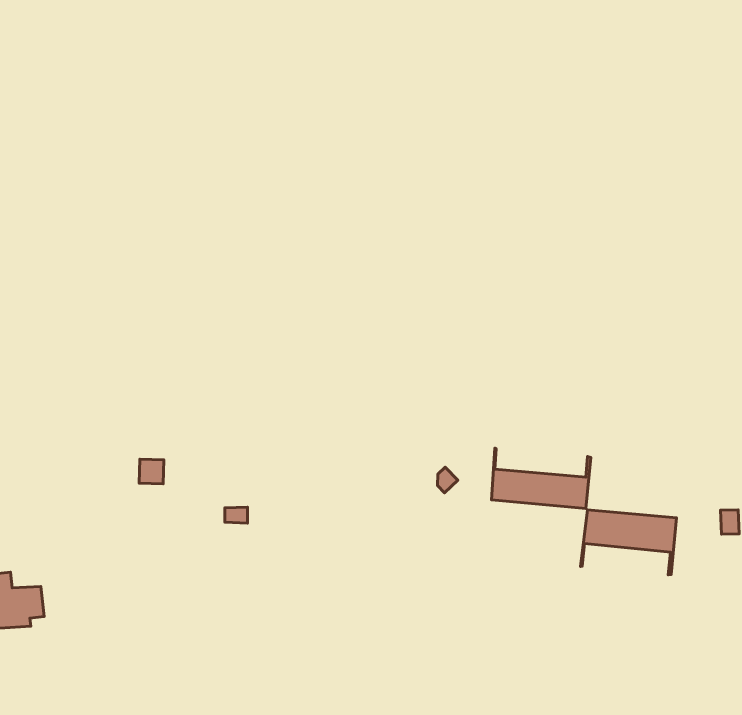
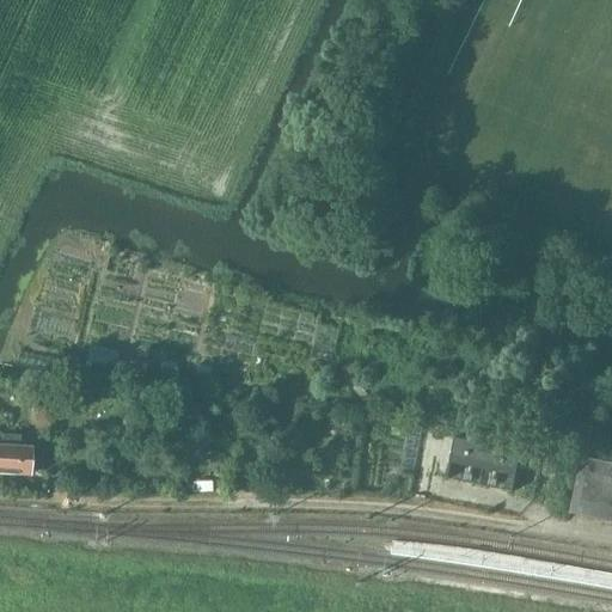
building: [492,448,591,509] -> none

